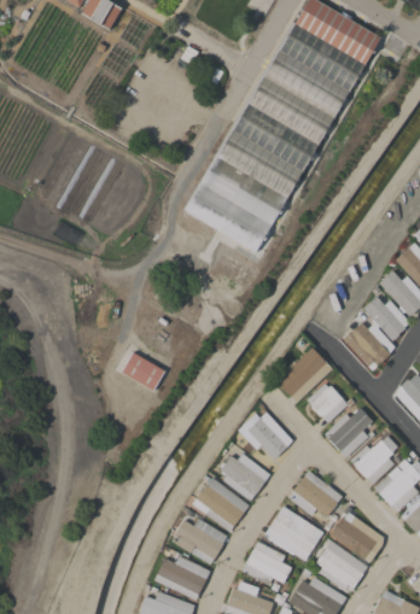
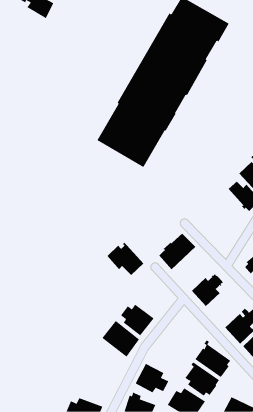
building: [343,296,410,372] -> none
building: [121,351,165,391] -> none
building: [307,382,348,423] -> none
building: [238,408,293,458] -> [107,242,144,276]
building: [350,435,399,484] -> none
building: [288,470,342,516] -> none
building: [264,505,323,561] -> none
building: [174,519,227,563] -> none
building: [153,549,210,600] -> none

